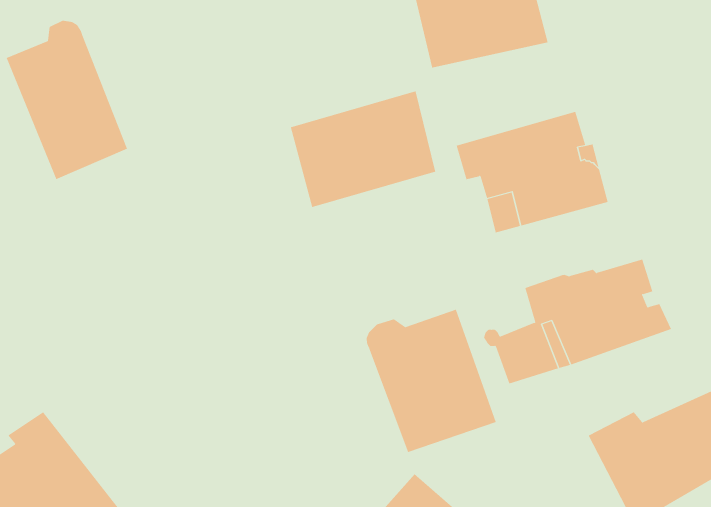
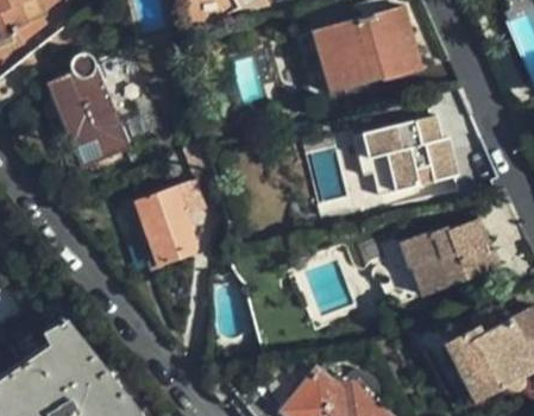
building: [290,90,436,208] -> none
building: none -> [125,181,203,269]
building: [366,309,496,453] -> none

